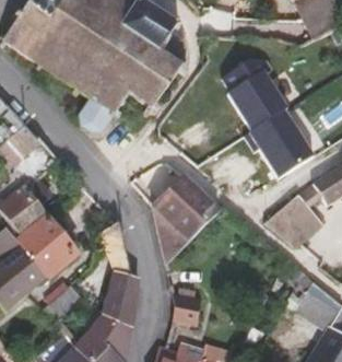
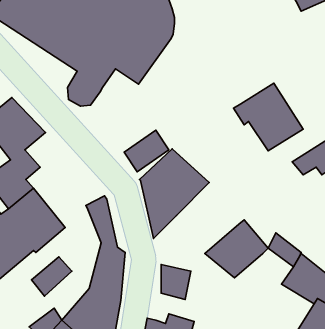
building: [223,60,288,131] -> none
building: [264,189,328,247] -> [205,220,268,278]

